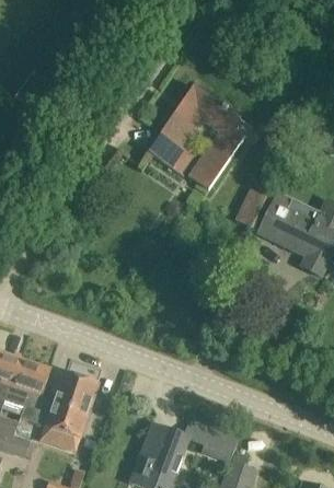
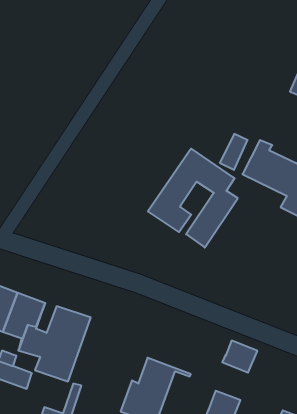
building: [147,85,242,190] -> [148,149,238,248]
building: [200,429,238,463] -> [222,341,257,373]

